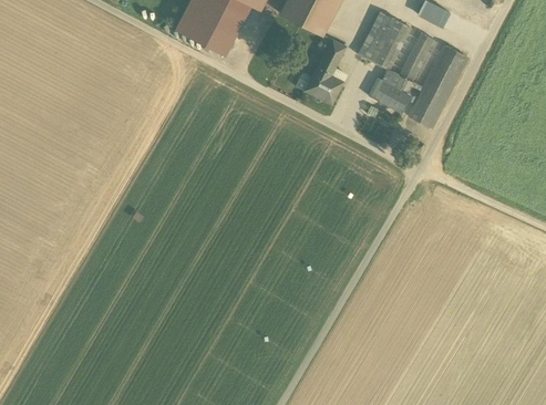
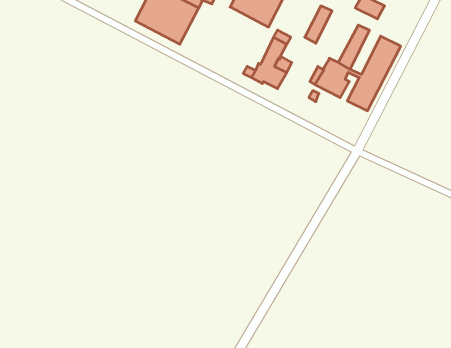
building: [358,18,411,71] -> none

